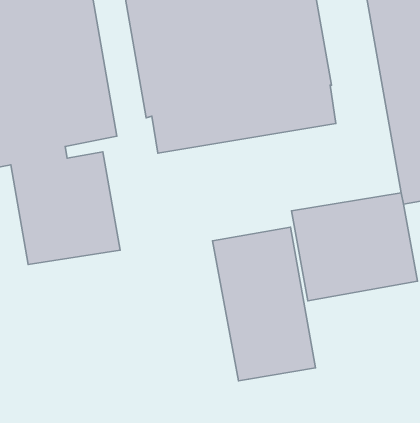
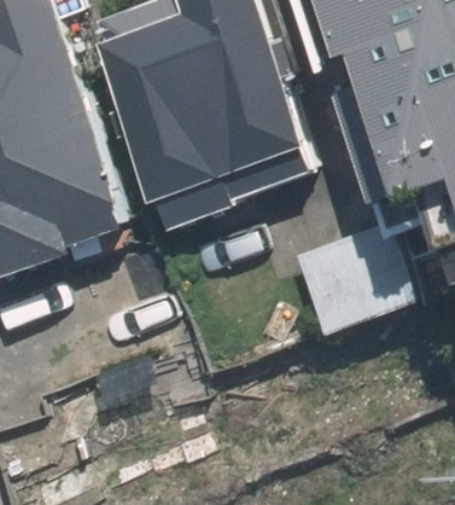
building: [212,227,315,381] -> none

